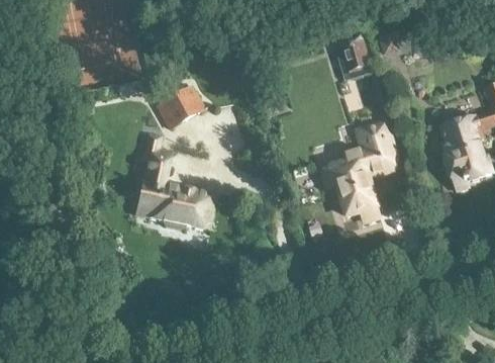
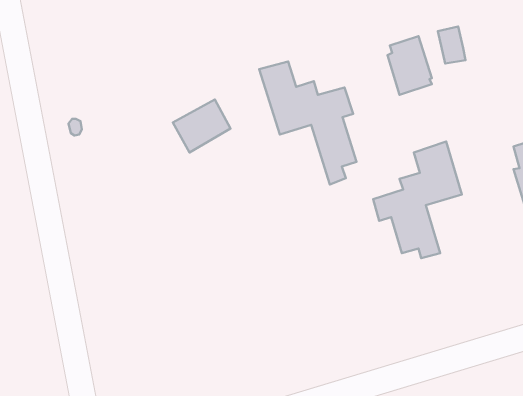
building: none -> [259,62,356,184]
building: [136,134,216,231] -> none

